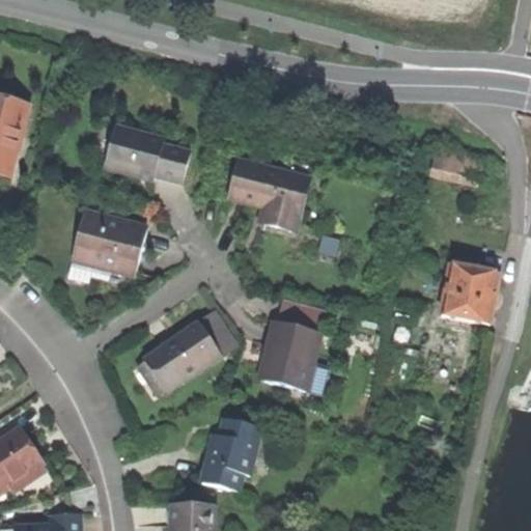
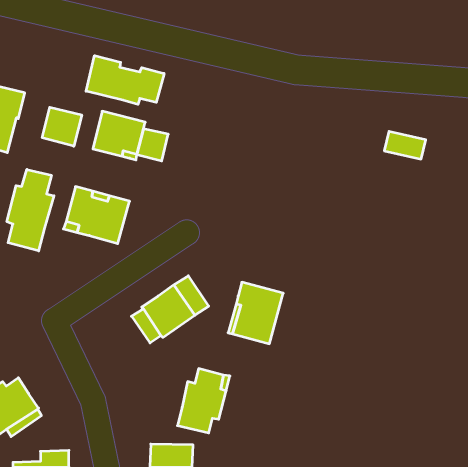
building: none -> [86,56,164,104]
building: none -> [42,107,82,146]
building: [228,160,307,230] -> none
building: none -> [7,169,54,251]
building: [439,263,498,324] -> none

